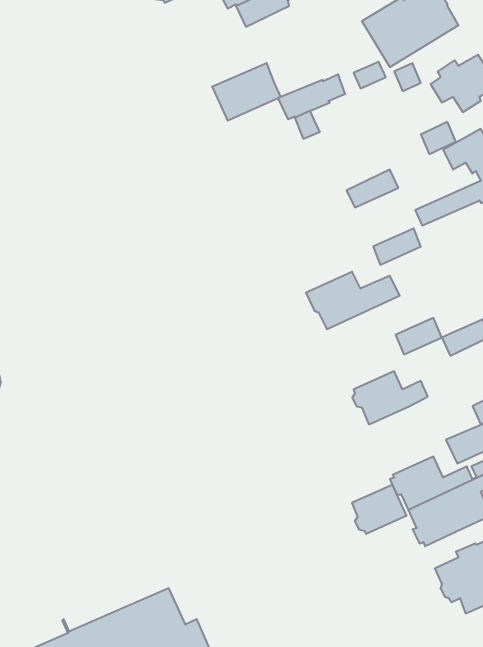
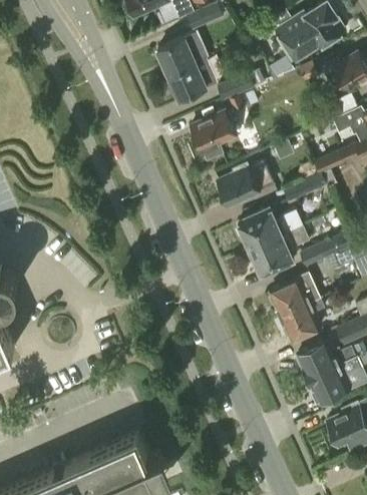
building: none -> [156,35,207,77]
building: none -> [191,112,234,159]
building: none -> [217,161,268,206]
building: none -> [250,226,309,278]
building: [352,485,407,534] -> [280,306,319,341]

